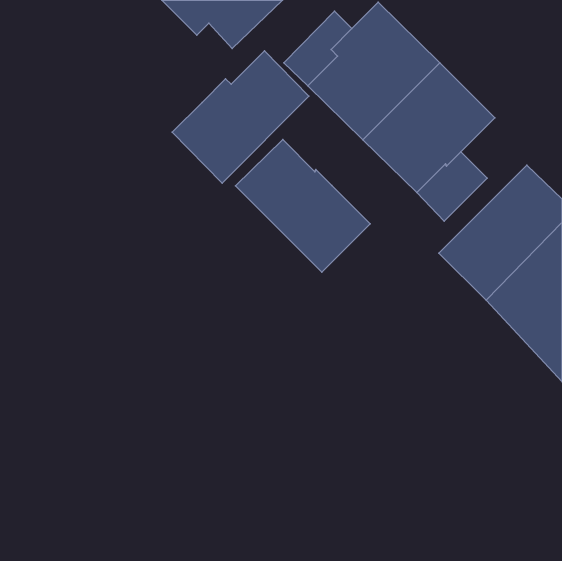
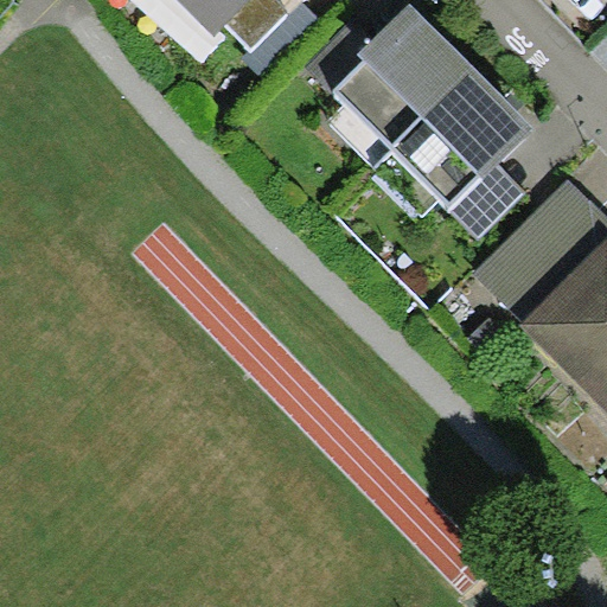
building: [172,51,309,183] -> none
building: [235,140,370,272] -> none

